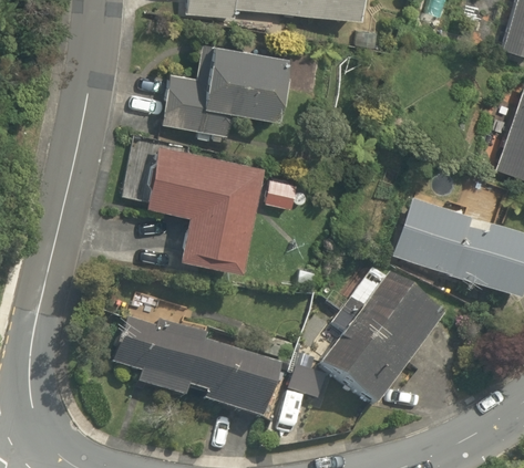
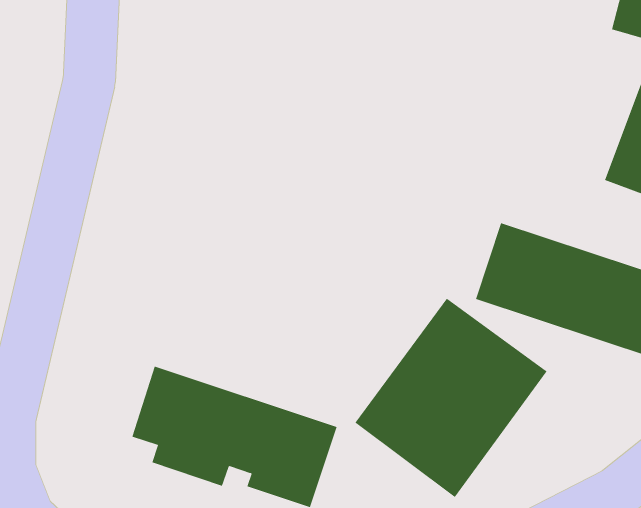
building: [164,42,298,136] -> none
building: [153,148,265,282] -> none

